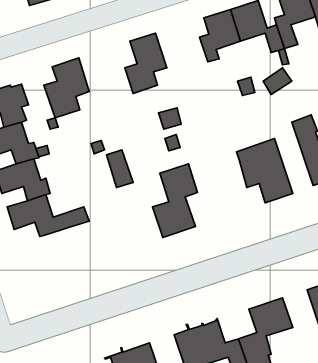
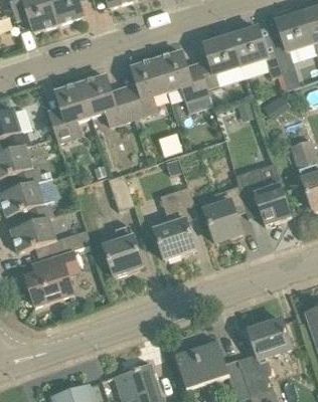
building: none -> [156,50,212,110]
building: none -> [81,74,134,125]
building: none -> [204,184,246,242]
building: none -> [103,224,143,276]
building: none -> [25,249,77,306]

